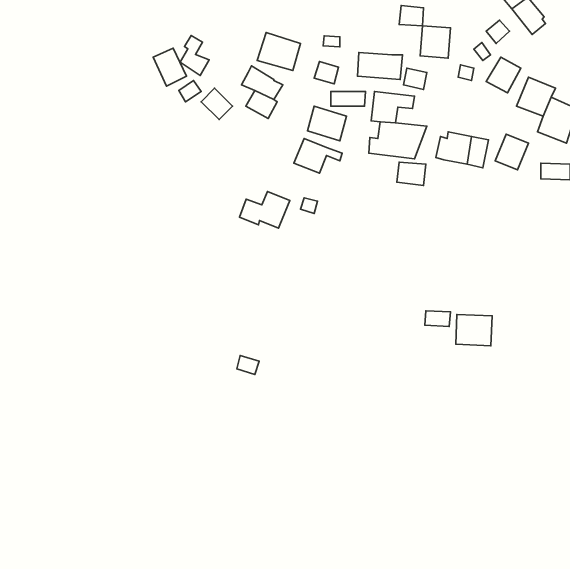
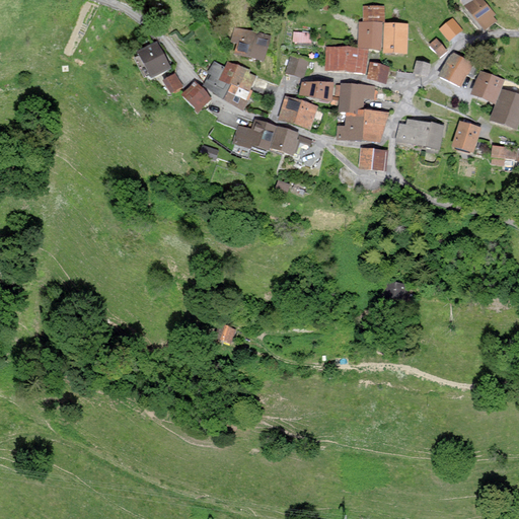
building: none -> [357,21,384,51]
building: [180,35,209,76] -> [206,60,232,96]
building: [240,191,290,228] -> [231,118,277,151]
building: [456,314,492,346] -> none

